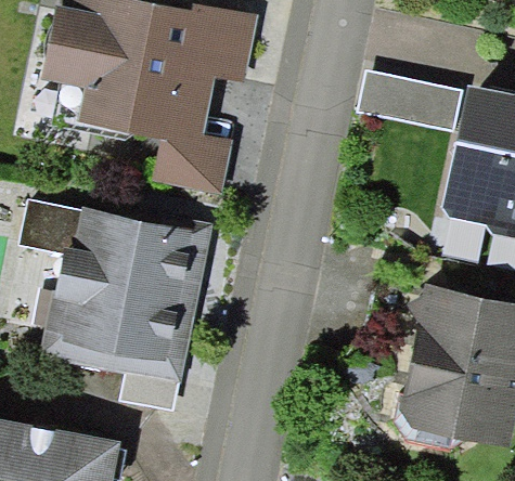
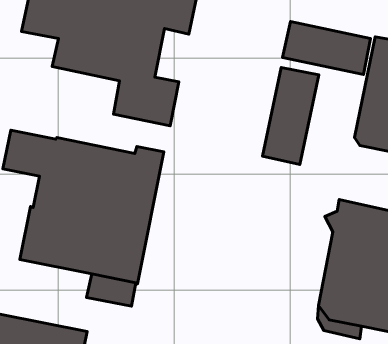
building: none -> [263,67,319,164]

